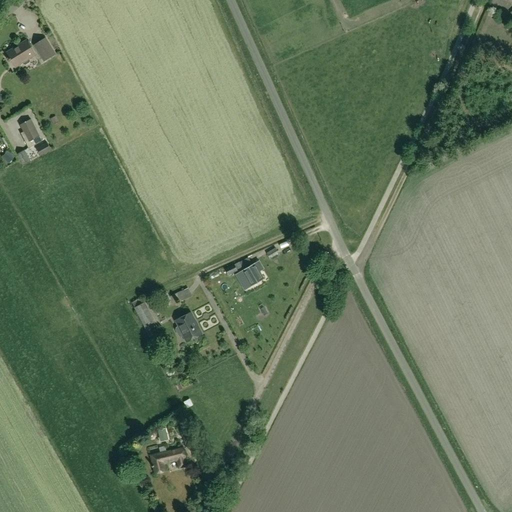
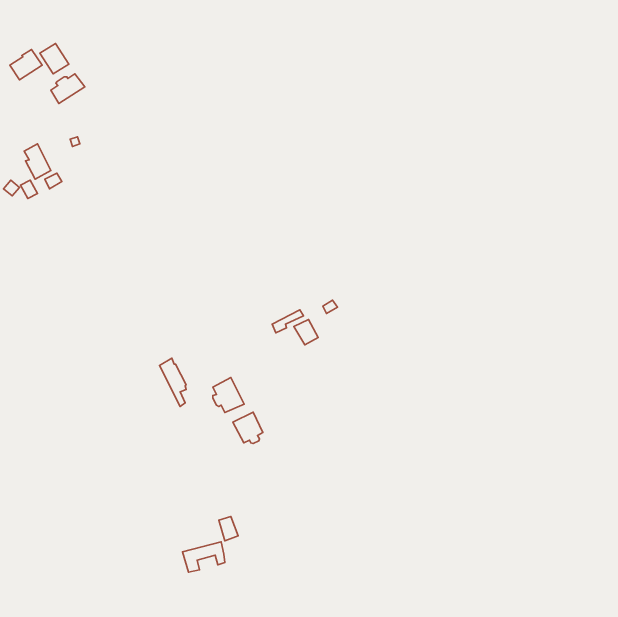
building: none -> [51,74,85,104]
building: none -> [233,412,263,444]

